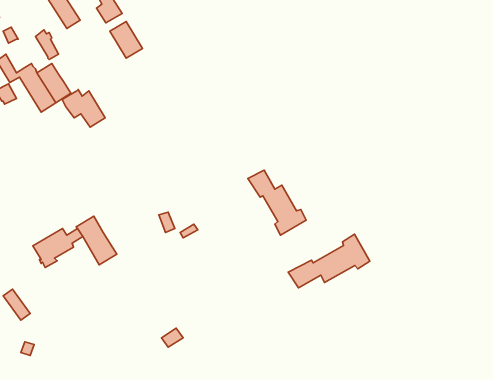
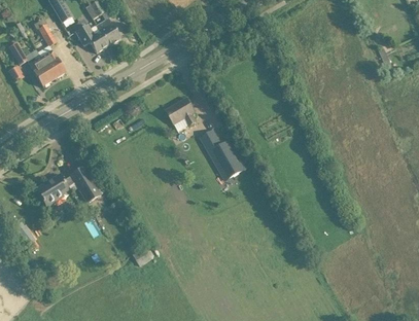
building: [62,89,105,127] -> [74,24,107,52]
building: none -> [166,99,195,124]
building: [288,234,370,288] -> none

